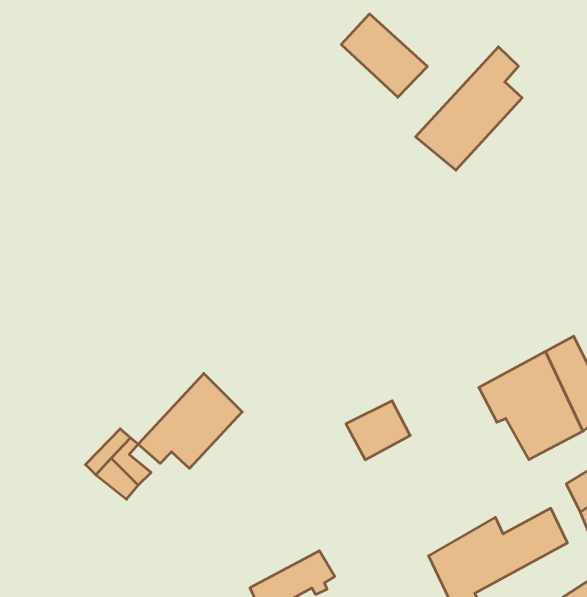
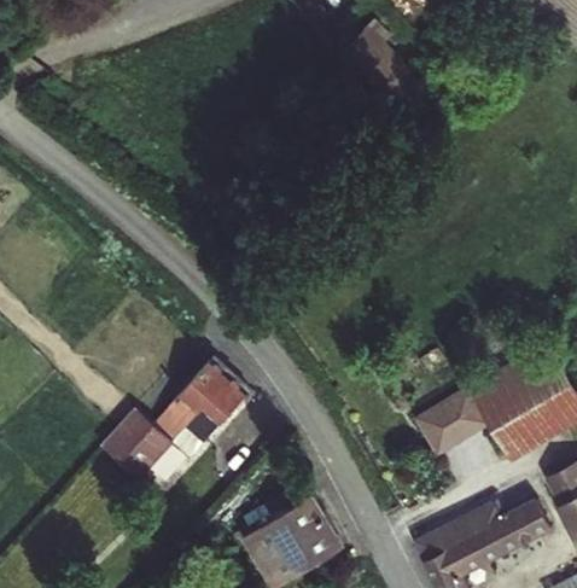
building: [416,47,522,170] -> none
building: [346,401,410,460] -> [426,382,486,437]
building: none -> [238,494,320,570]

